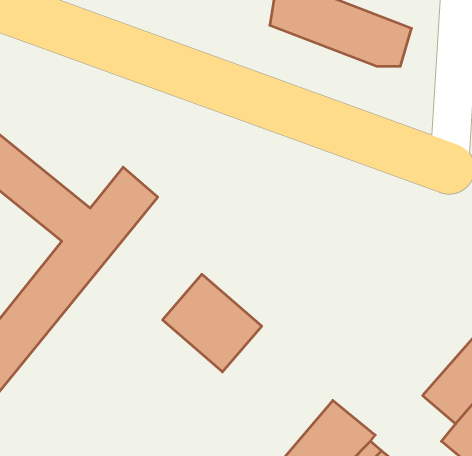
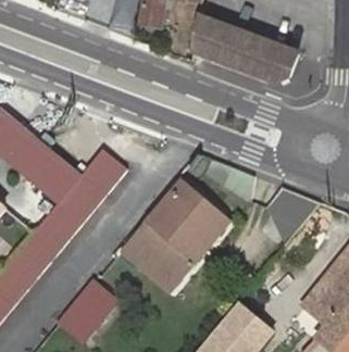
building: none -> [151,183,226,257]
building: none -> [59,285,114,342]

